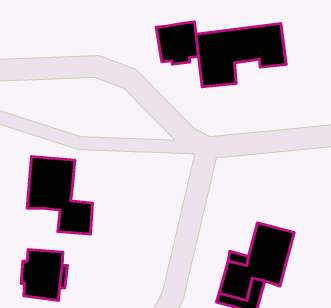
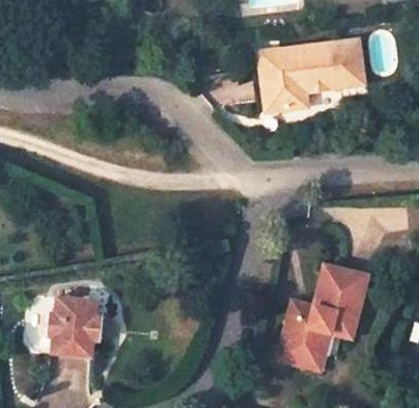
building: [156,22,199,64] -> none
building: [27,157,93,234] -> none

